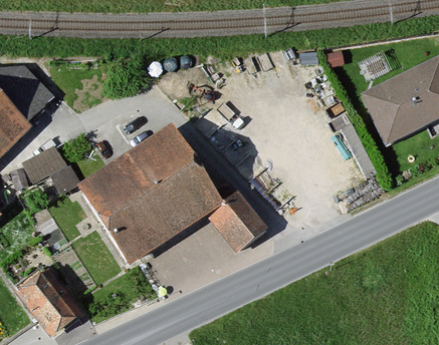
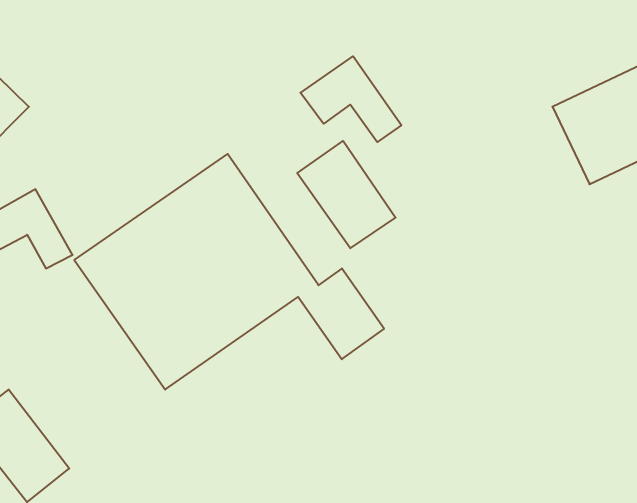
building: none -> [300,56,401,142]
building: none -> [297,141,396,248]

